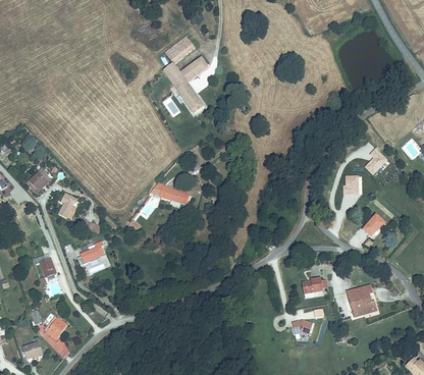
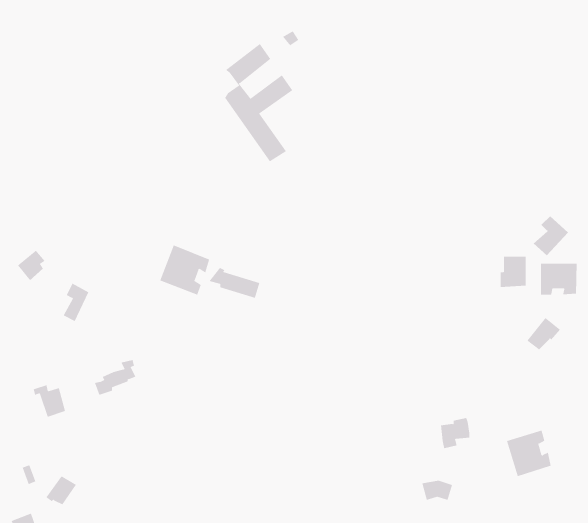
building: none -> [159,245,210,295]
building: none -> [540,263,577,295]

